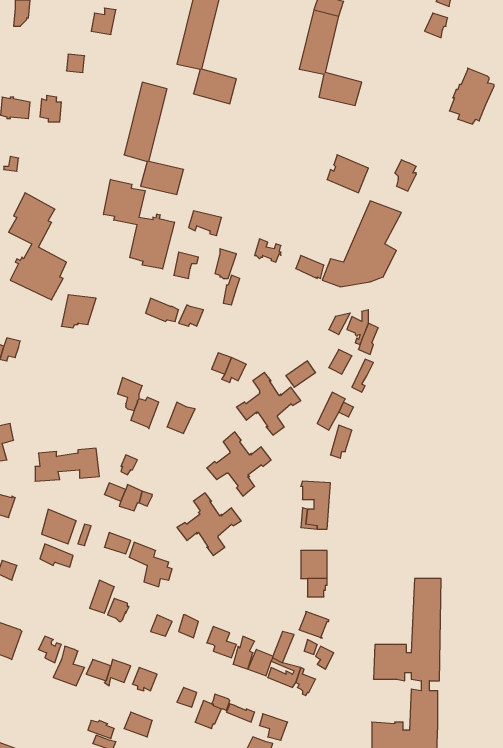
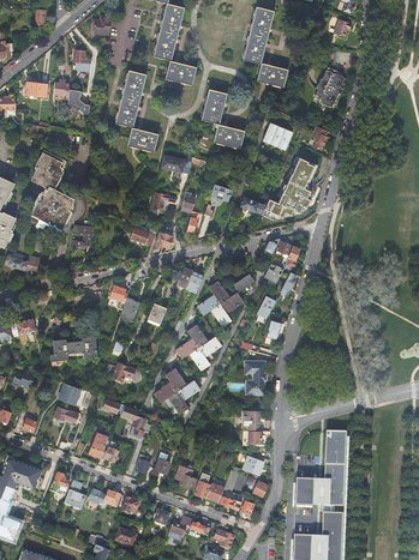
building: [449,68,494,124] -> [315,66,347,107]
building: none -> [202,89,245,147]
building: [104,179,174,269] -> none

